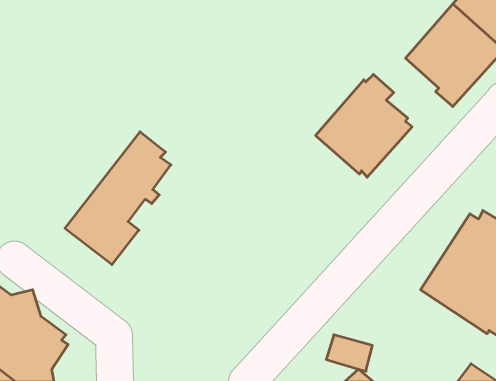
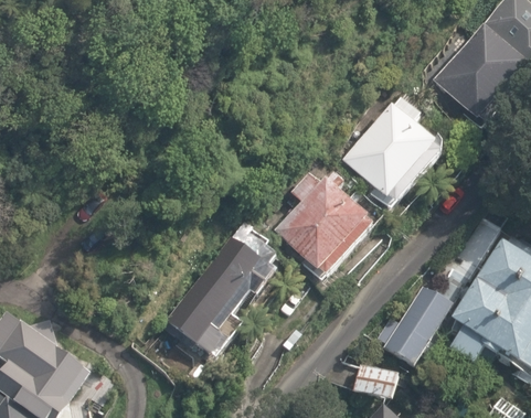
building: [65,132,171,265] -> [167,221,276,357]
building: none -> [275,171,372,275]
building: none -> [378,287,453,366]

